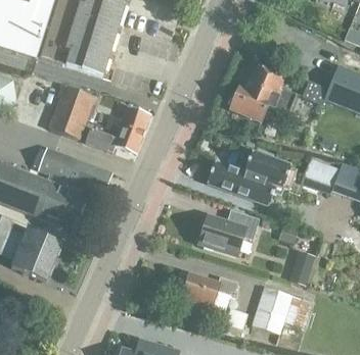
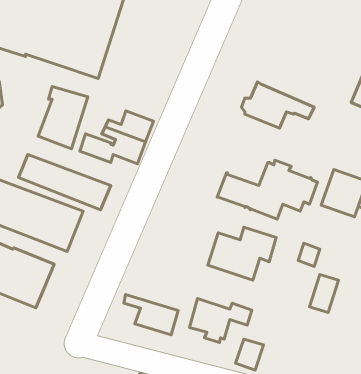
building: [245,64,297,102] -> none
building: none -> [124,294,178,335]
building: [252,286,301,333] -> none

